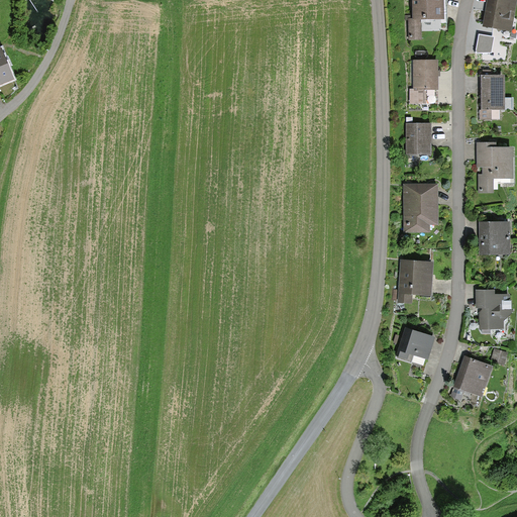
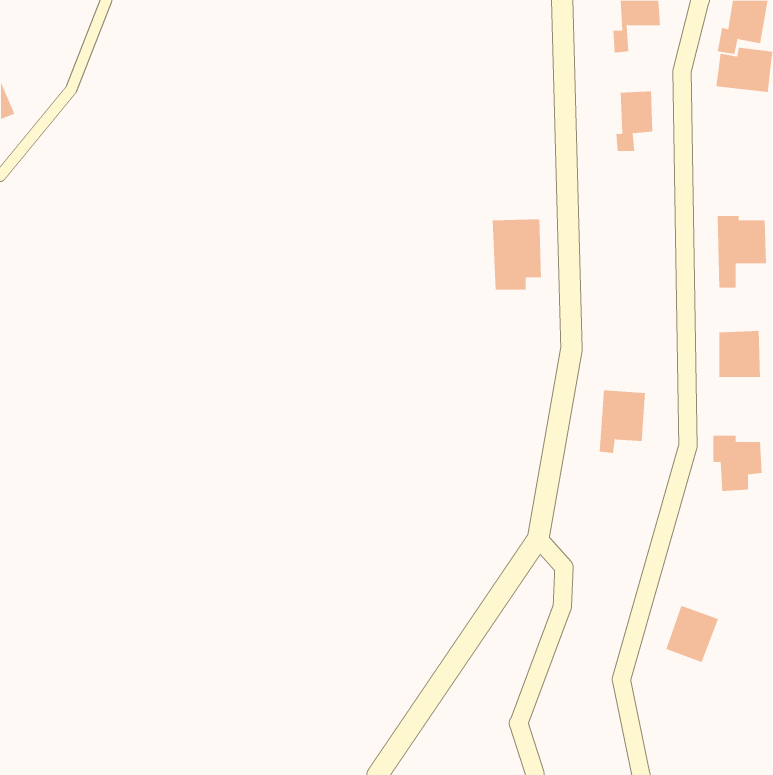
building: [480,75,505,119] -> none
building: [406,123,430,154] -> none
building: [404,183,437,230] -> [492,219,542,290]
building: [396,328,433,361] -> none
building: [454,358,490,397] -> [666,605,719,663]

